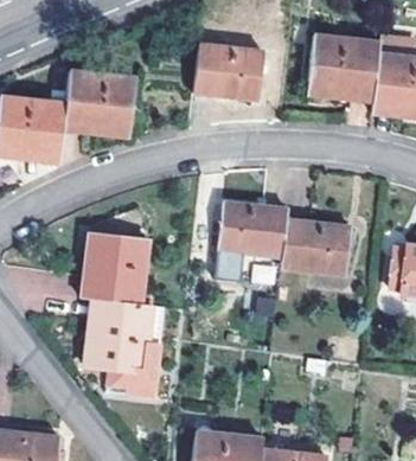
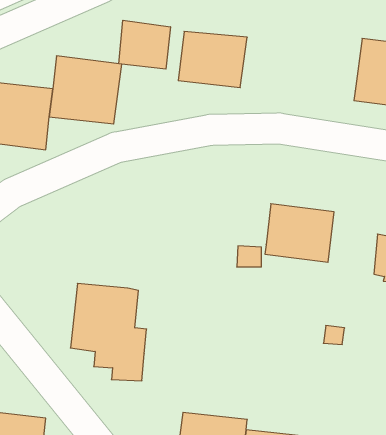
building: none -> [119,20,170,69]
building: [307,33,380,104] -> none
building: [218,201,288,260] -> none
building: [81,232,149,303] -> none

